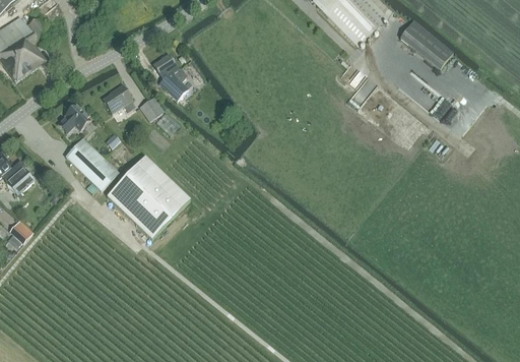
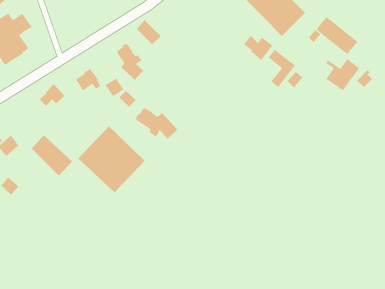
building: none -> [136,19,162,45]
building: none -> [243,35,273,61]
building: none -> [135,107,178,140]
building: [66,138,118,190] -> [31,134,73,176]

